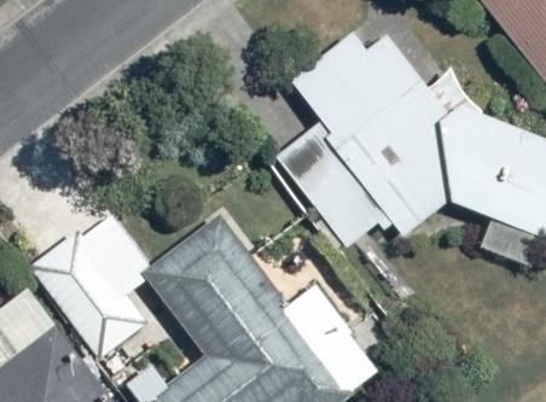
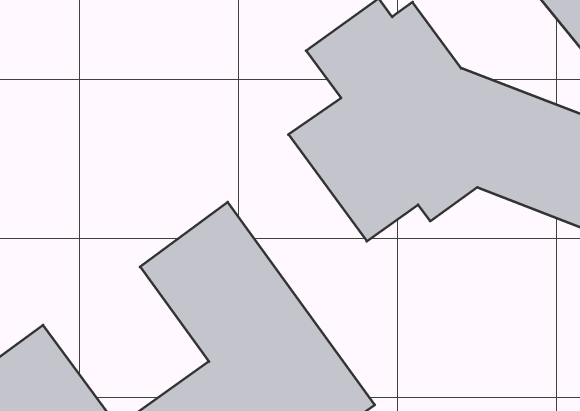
building: [34,228,149,355] -> none

